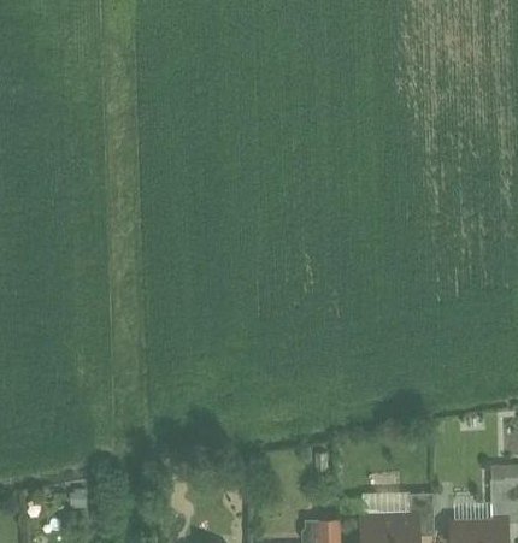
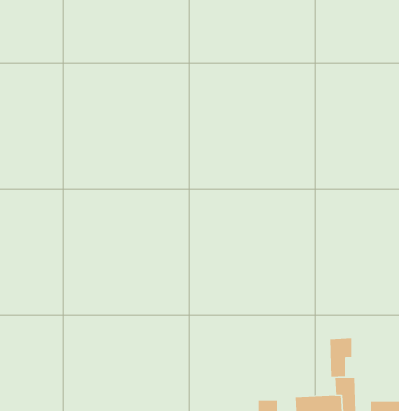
building: none -> [330,338,352,378]

